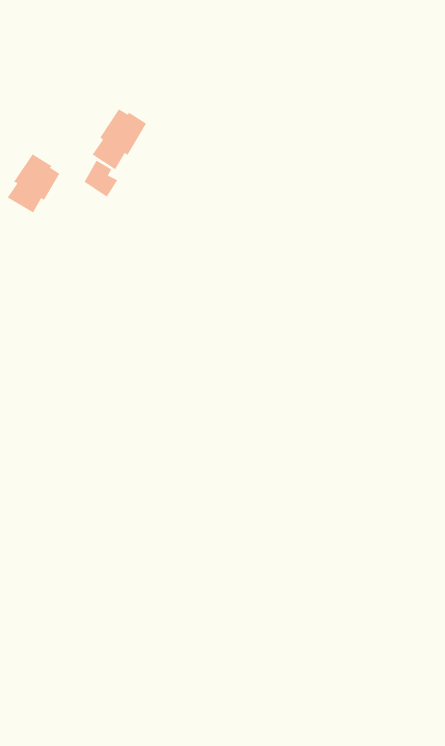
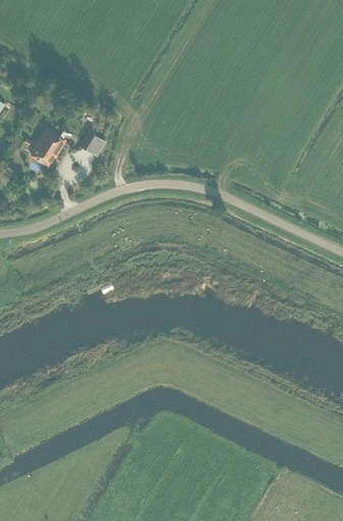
building: [92,109,147,170] -> none

